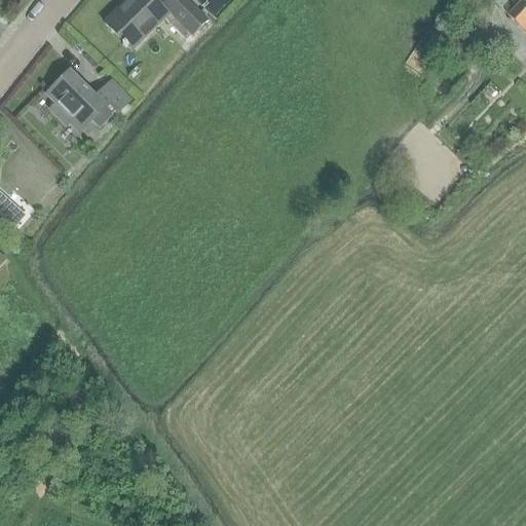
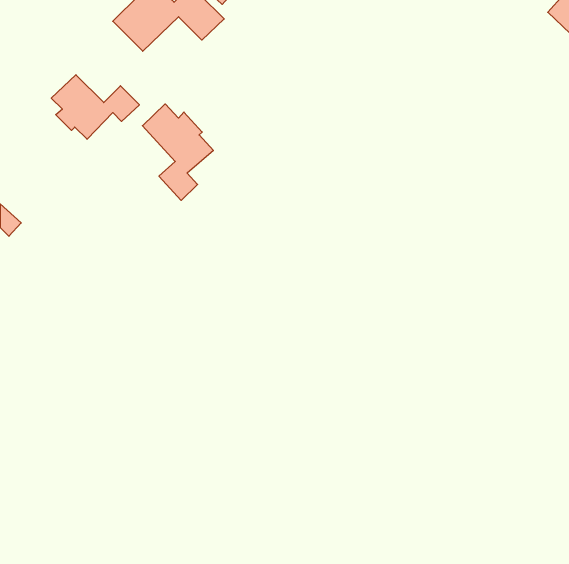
building: none -> [142,104,213,200]

